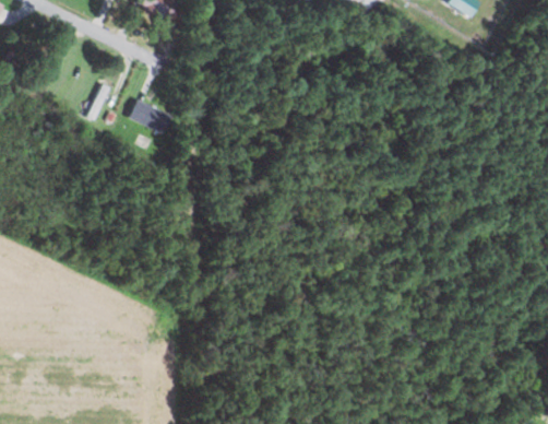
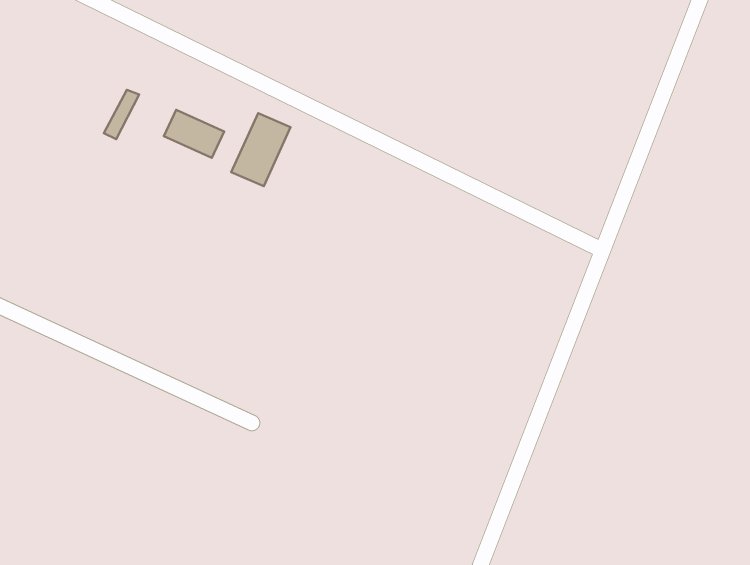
building: none -> [231,113,291,186]

